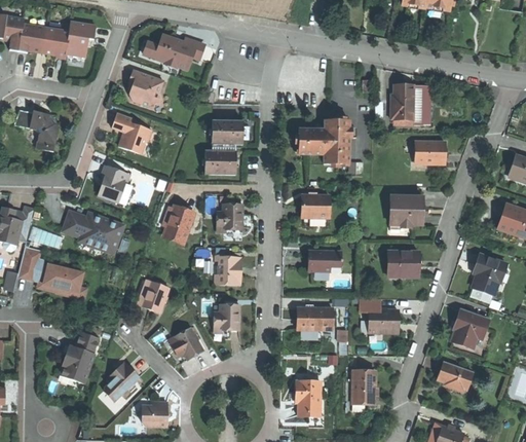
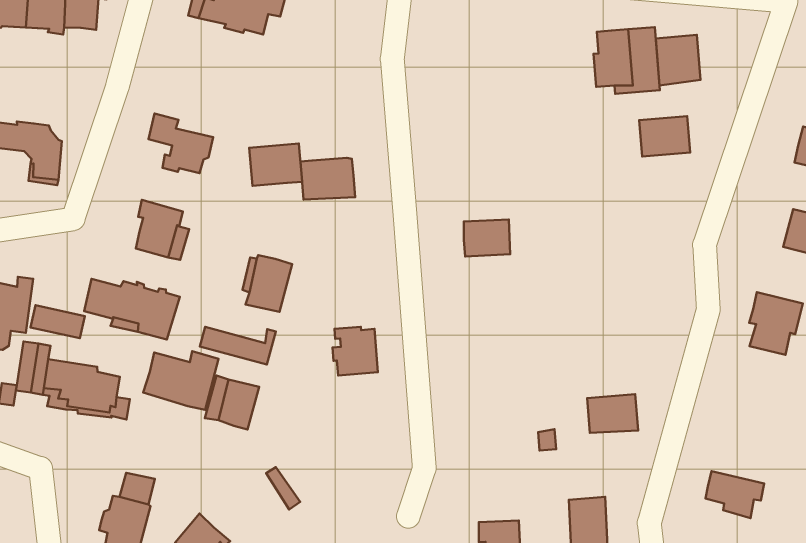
building: [128,70,163,104] -> none
building: none -> [656,35,700,85]
building: [212,119,242,143] -> [249,144,302,186]
building: [298,119,349,164] -> none
building: [390,195,422,227] -> none
building: [219,204,245,228] -> none
building: none -> [200,327,276,365]
building: [307,250,341,271] -> none
building: [387,251,419,277] -> none
building: none -> [143,351,218,410]
building: [214,303,239,327] -> none
building: [296,307,332,331] -> none
building: [450,308,488,346] -> none
building: [174,327,202,359] -> none

